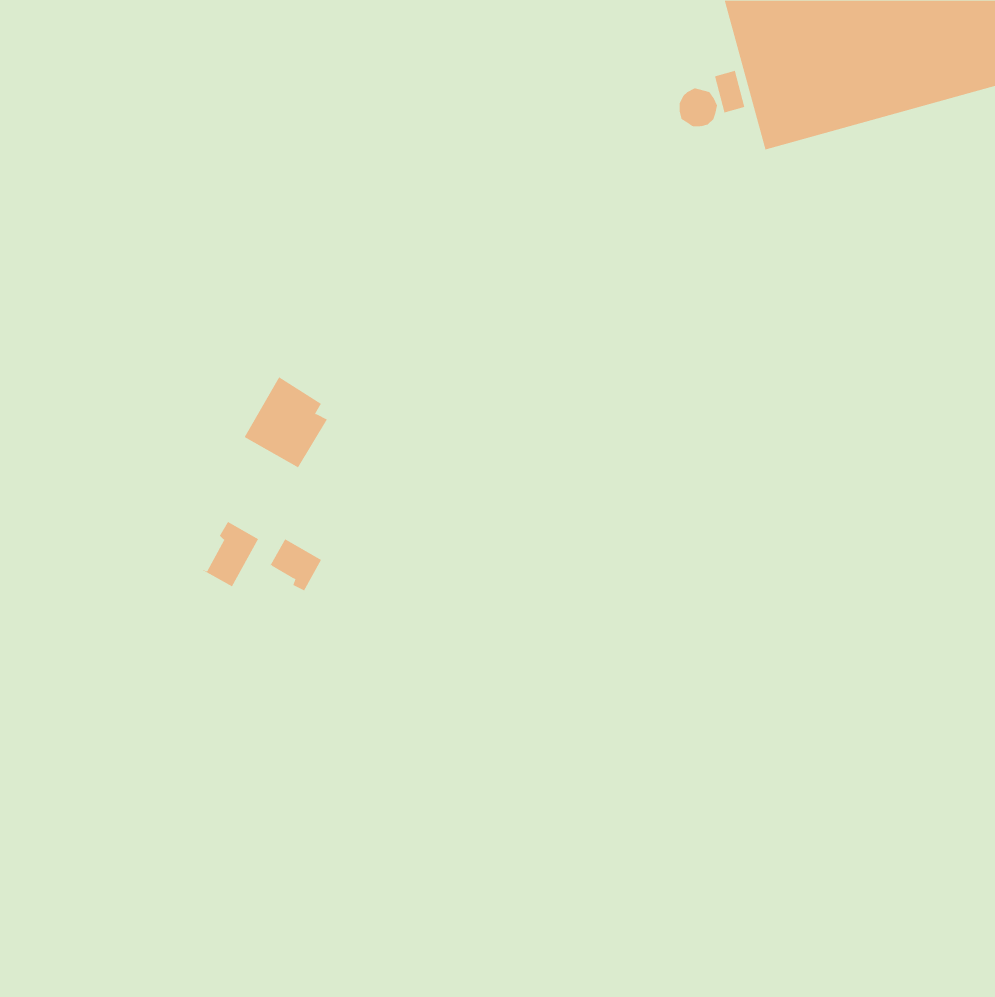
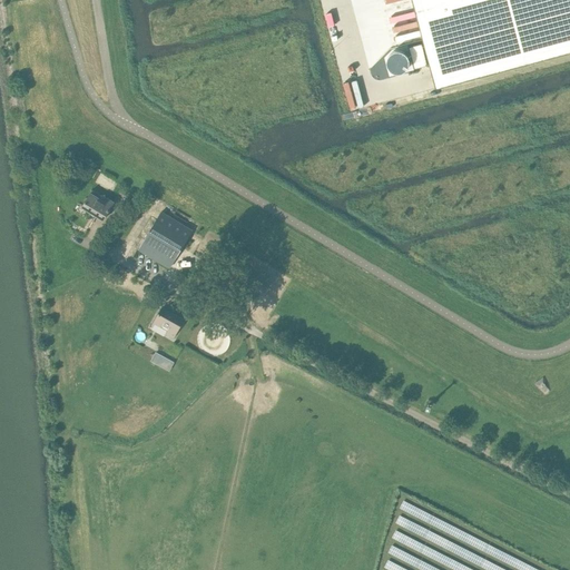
building: none -> [83,189,115,219]
building: [200,521,259,587] -> none

